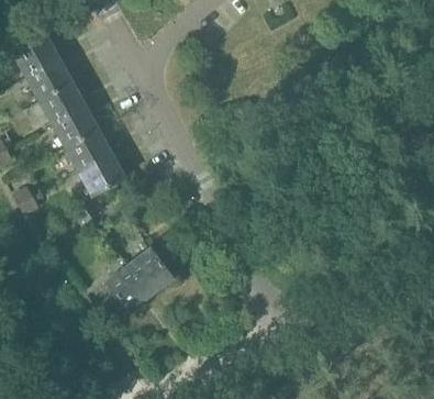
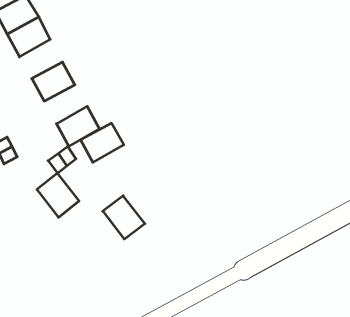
building: [38,81,85,123] -> none
building: [65,130,111,171] -> [81,123,124,162]
building: [105,265,151,312] -> [37,173,79,217]

